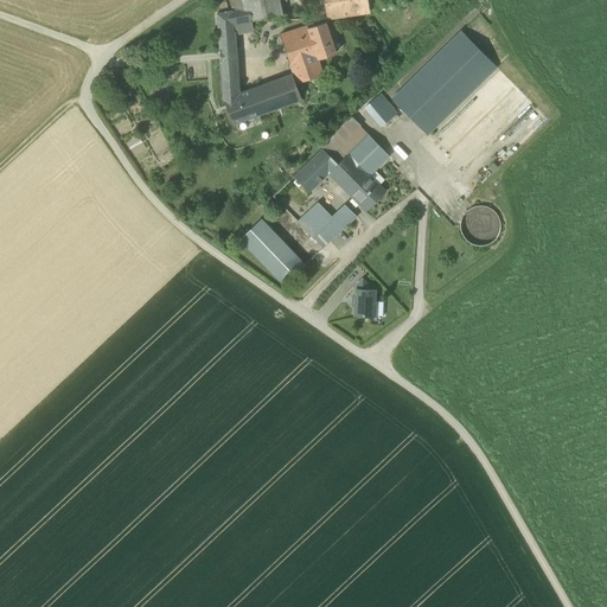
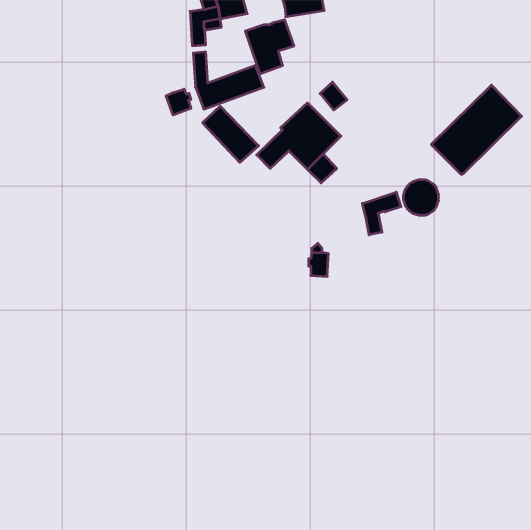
building: [392,31,496,133] -> [431,85,522,174]
building: none -> [166,89,191,115]
building: [296,202,356,248] -> none
building: none -> [362,192,401,235]
building: [241,219,305,283] -> [203,106,259,162]

